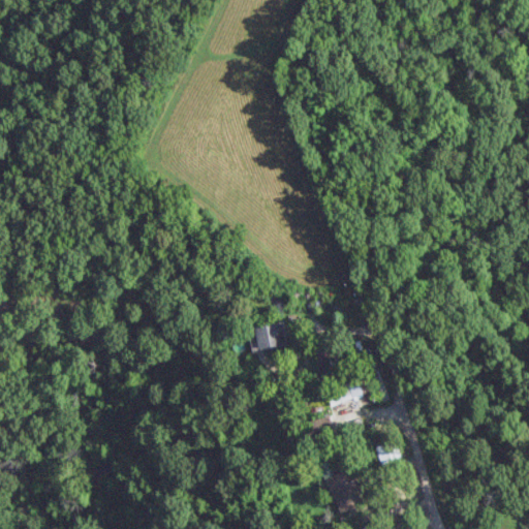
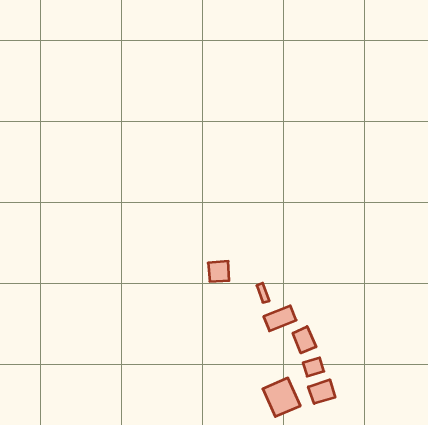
building: none -> [293,326,316,353]
building: none -> [308,380,335,404]

